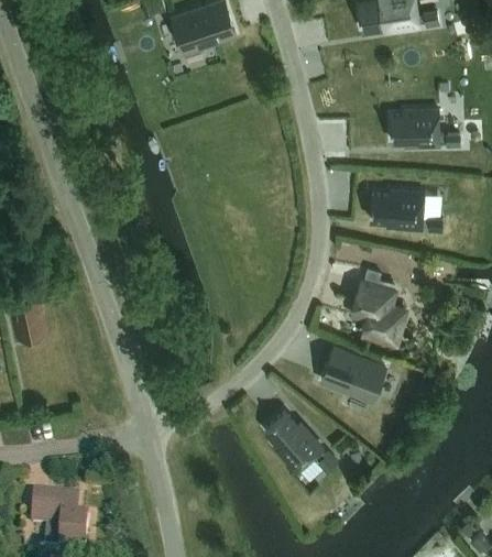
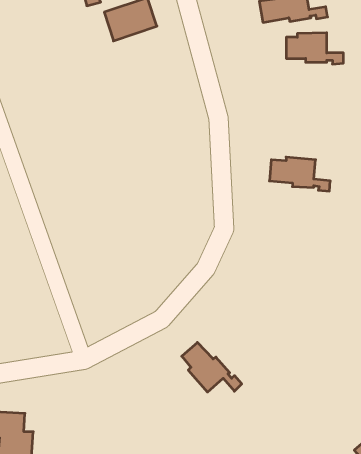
building: [392,108,460,145] -> [286,33,343,64]
building: [352,280,405,341] -> none
building: [321,346,385,398] -> none

